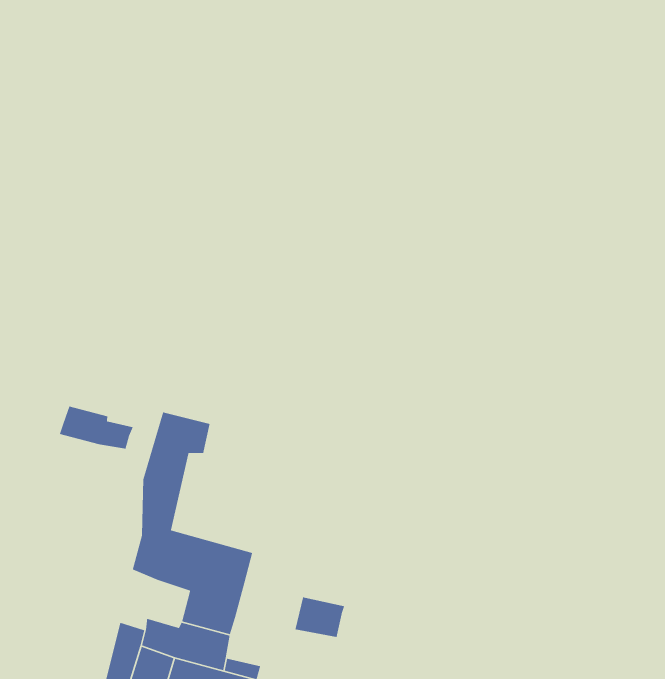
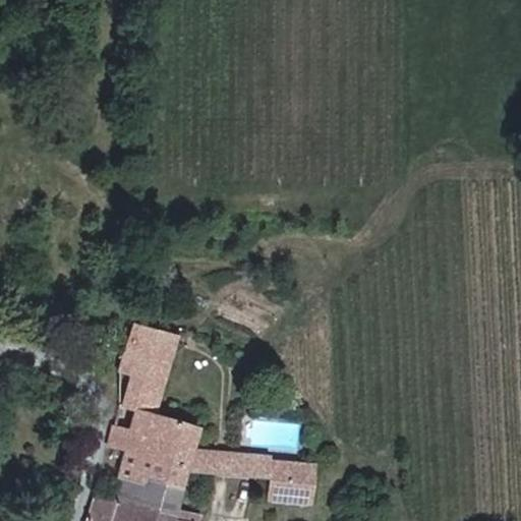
building: [59,405,134,450] -> none
building: none -> [192,447,243,482]
building: none -> [267,470,317,515]

